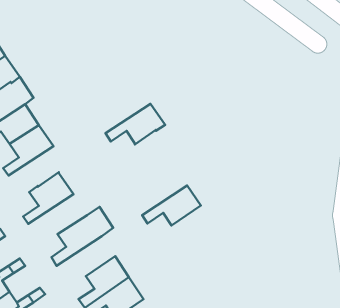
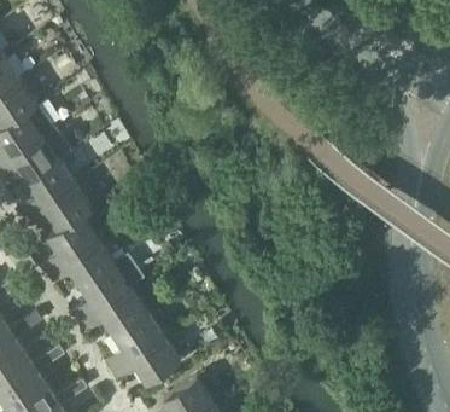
building: [106,104,165,145] -> [24,184,93,231]
building: [142,186,201,226] -> [80,288,147,333]
building: none -> [47,239,115,285]

